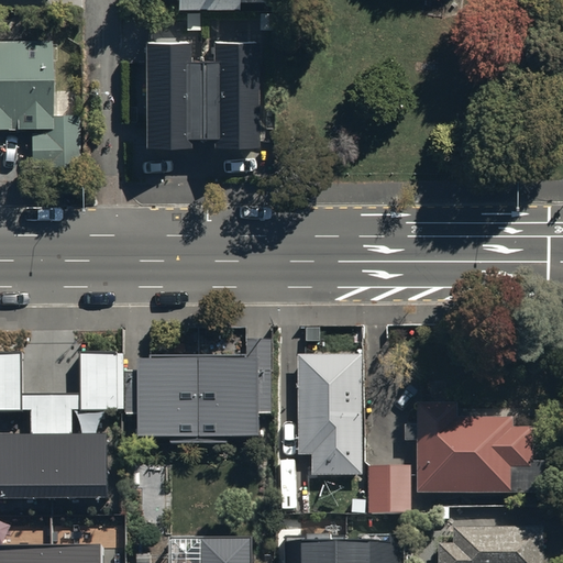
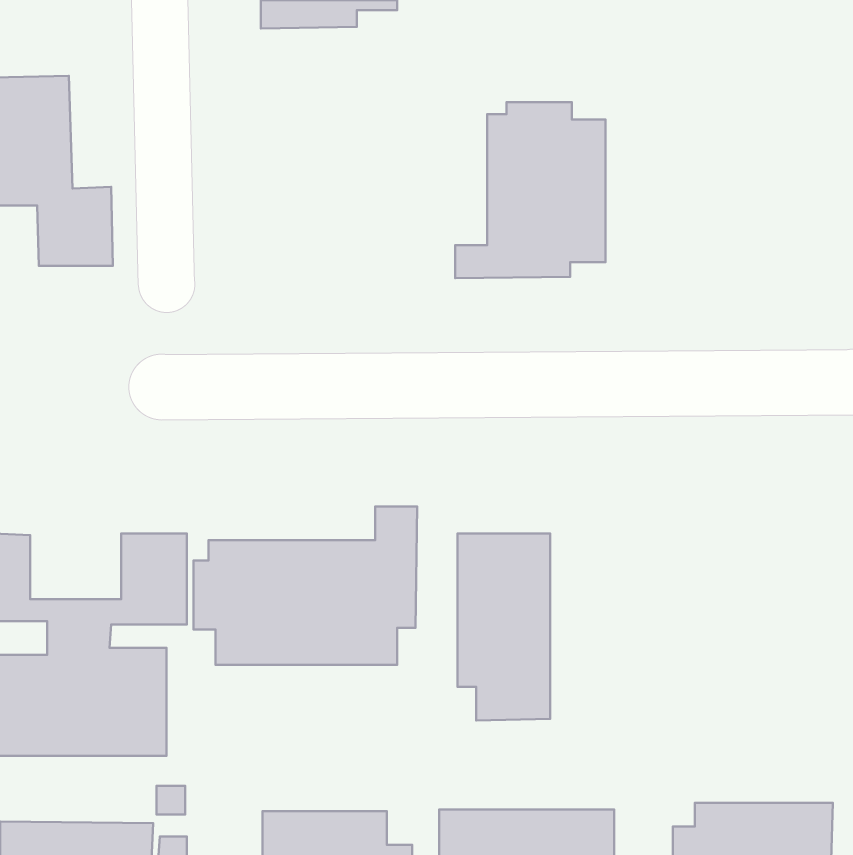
building: [142,46,253,158] -> none
building: none -> [455,102,605,278]
building: [416,402,539,492] -> none
building: [367,466,409,512] -> none

